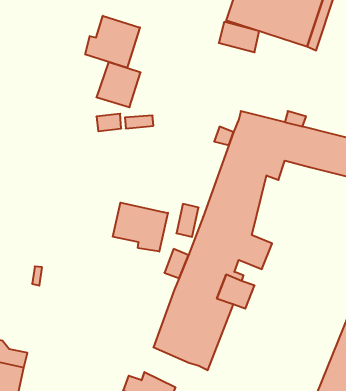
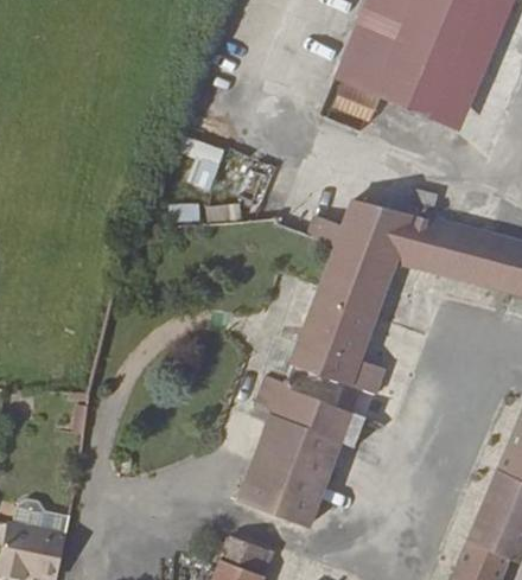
building: [85,16,140,68] -> none
building: [113,203,168,252] -> none

